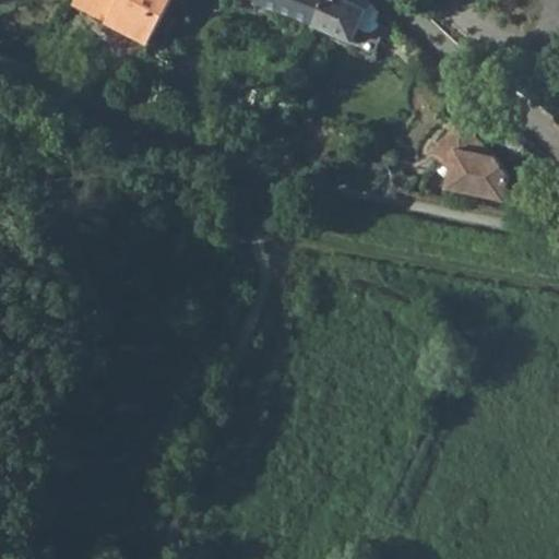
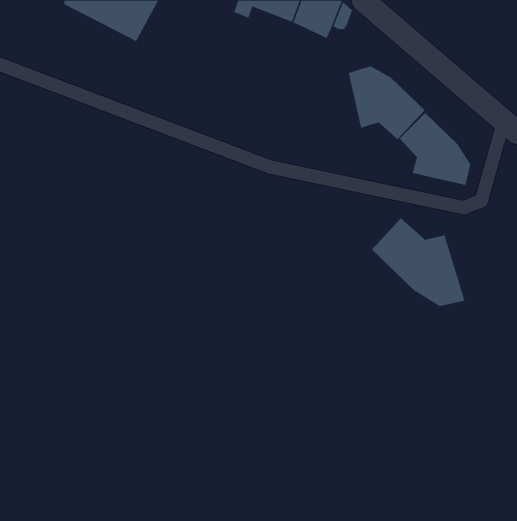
building: none -> [348,66,425,140]
building: none -> [371,218,465,307]

